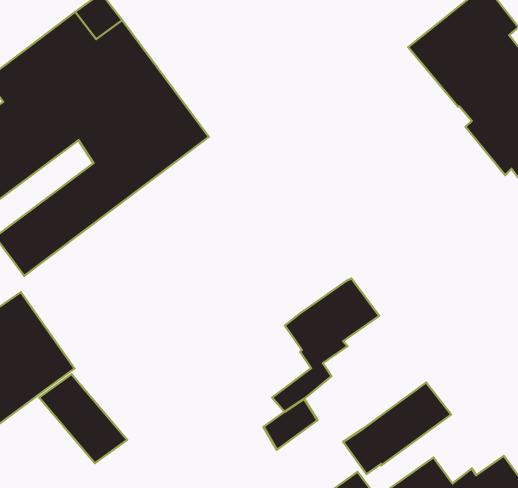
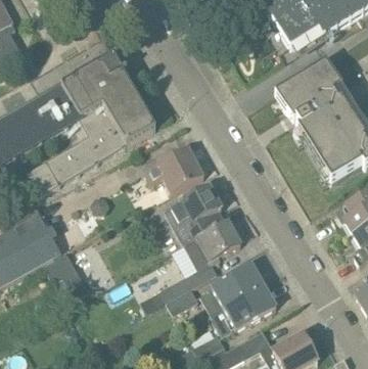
building: none -> [145,147,205,194]
building: none -> [166,184,226,243]
building: none -> [201,263,265,314]

